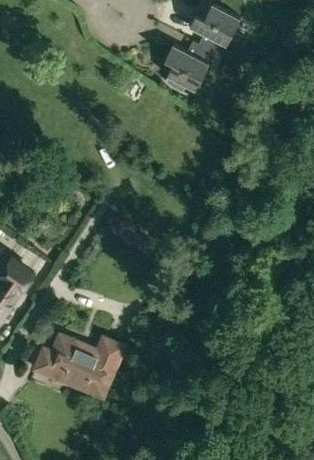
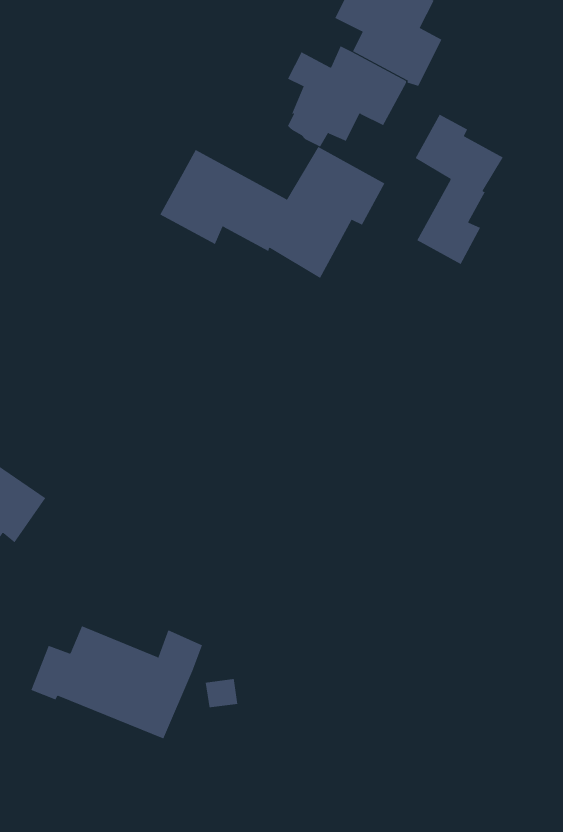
building: none -> [415,114,503,265]
building: none -> [159,146,385,279]

